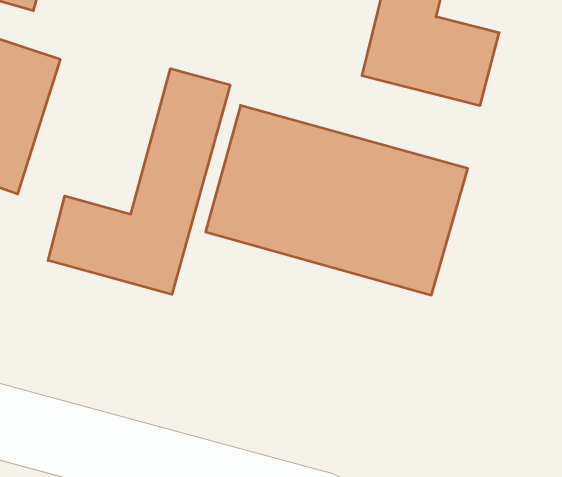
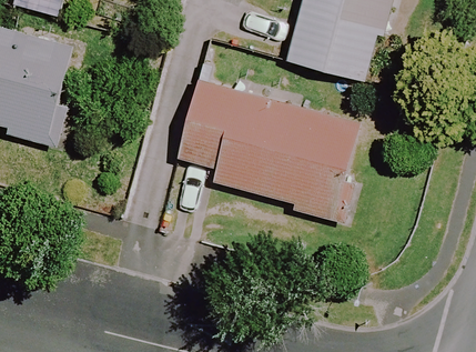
building: [48,69,230,294] -> none

